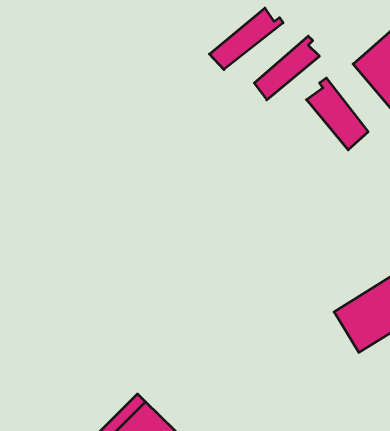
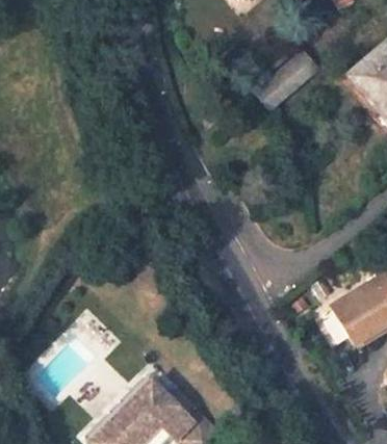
building: [209,8,283,70] -> none
building: [306,78,368,150] -> none

